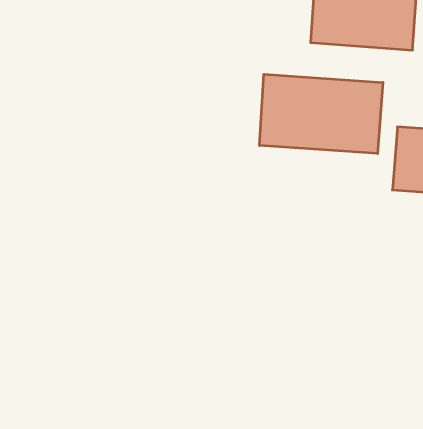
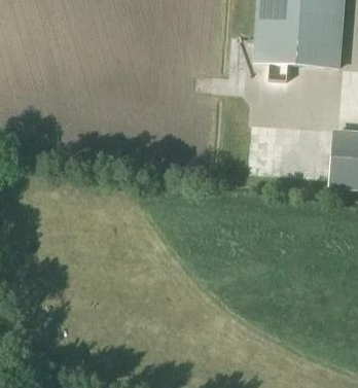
building: [260,74,383,154] -> none

